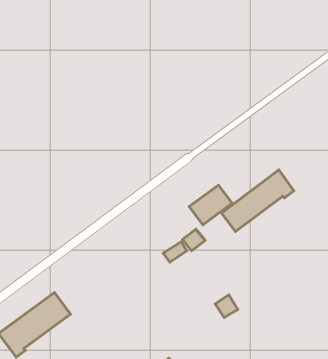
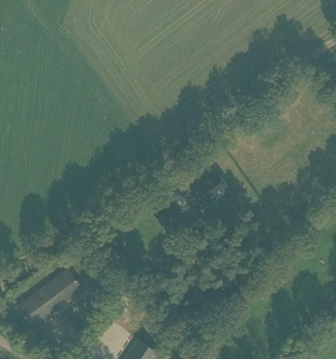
building: [222,170,294,232] -> none

